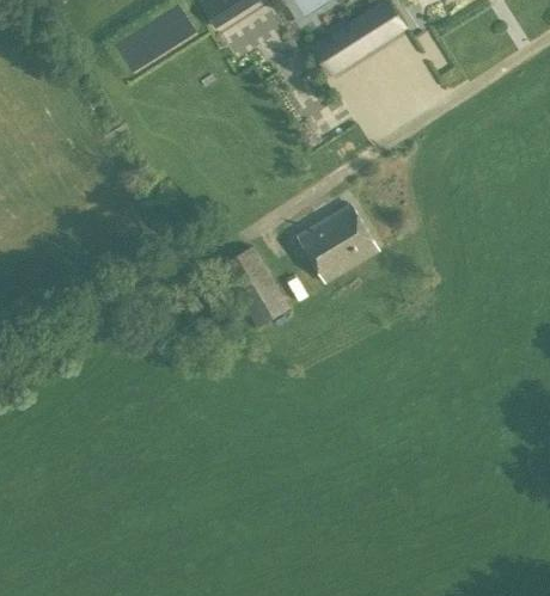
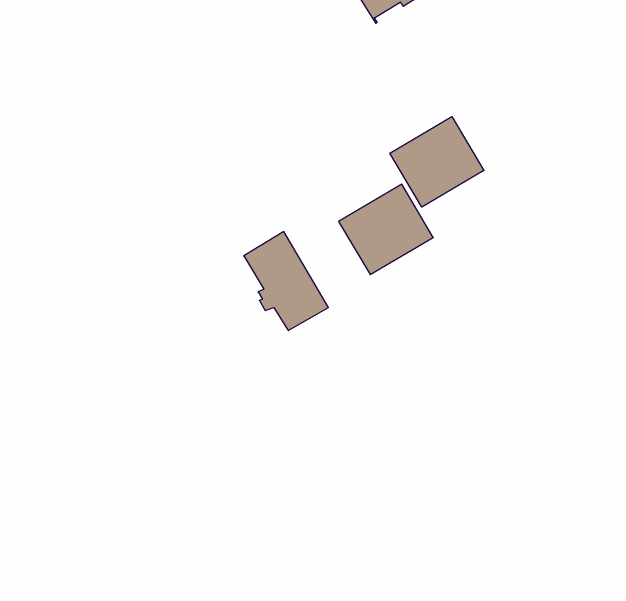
building: none -> [390,117,484,207]

